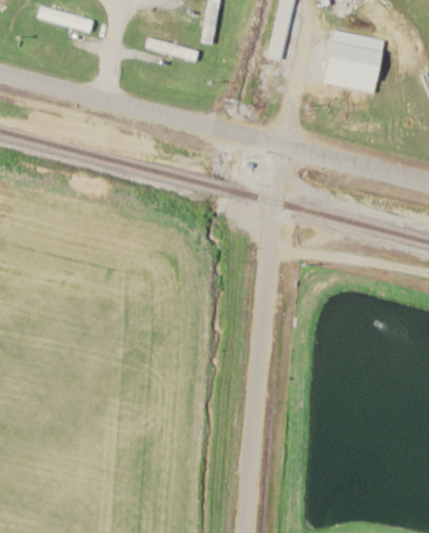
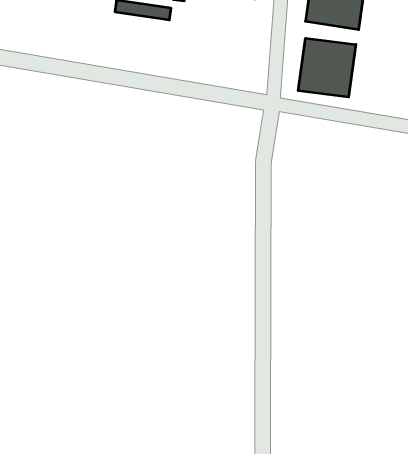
building: none -> [298,38,356,97]

